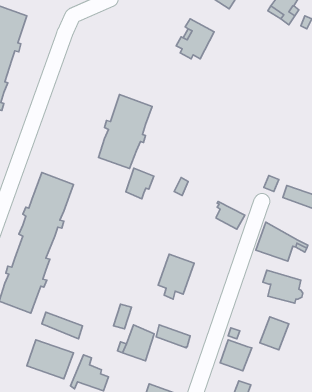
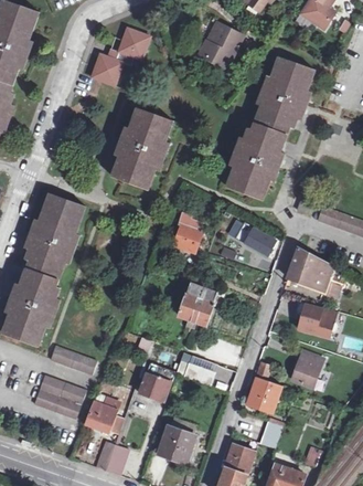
building: none -> [89,27,149,84]
building: none -> [227,56,313,199]
building: [126,168,154,199] -> [172,219,203,253]

